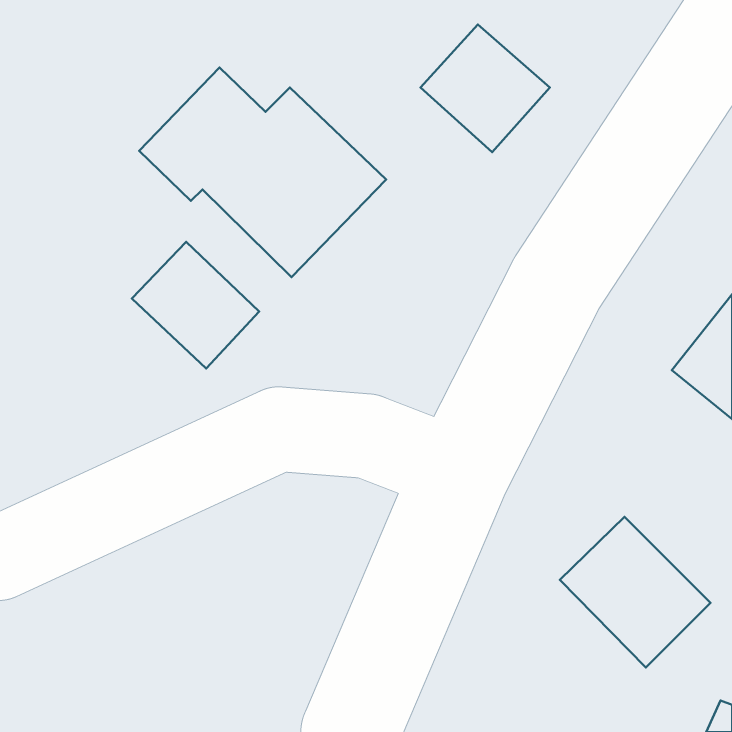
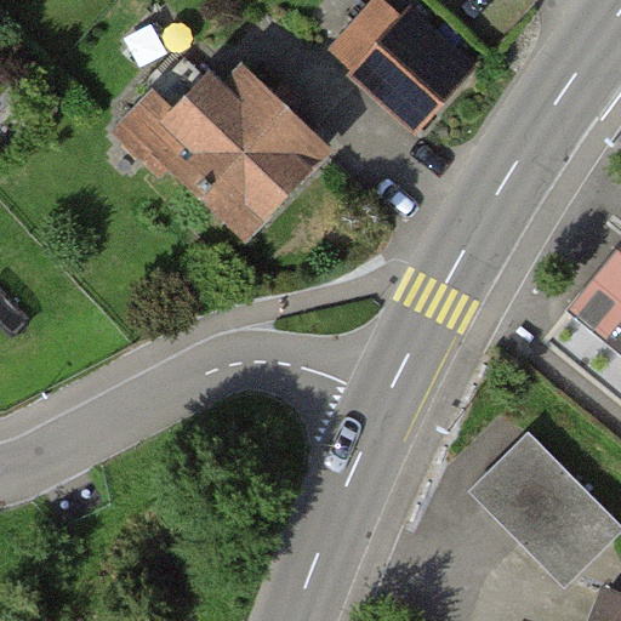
building: [132,242,259,368] -> none

